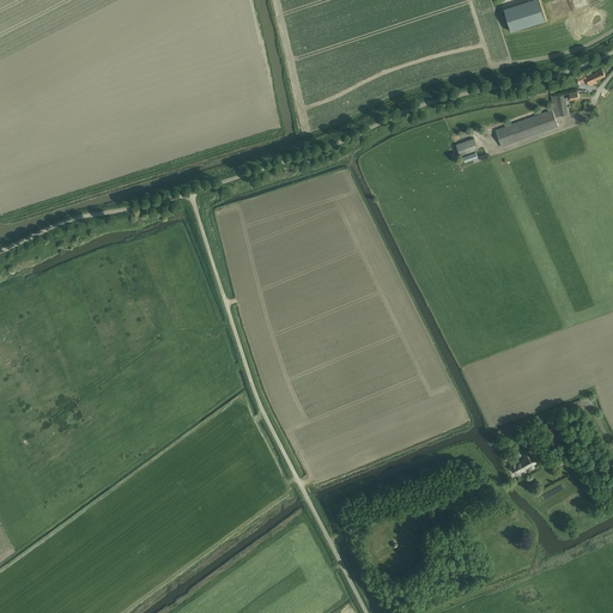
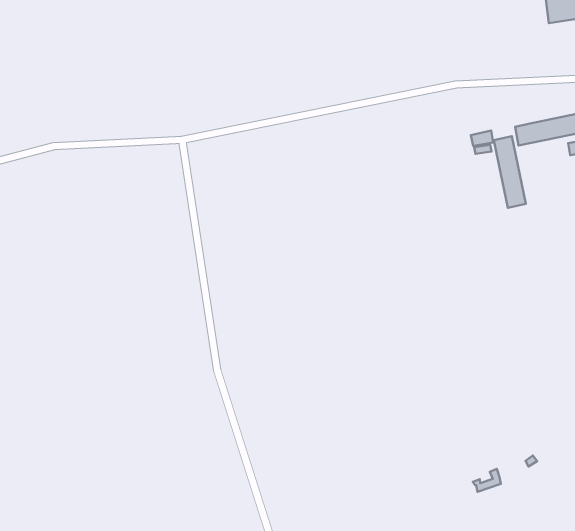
building: none -> [494,136,526,208]

